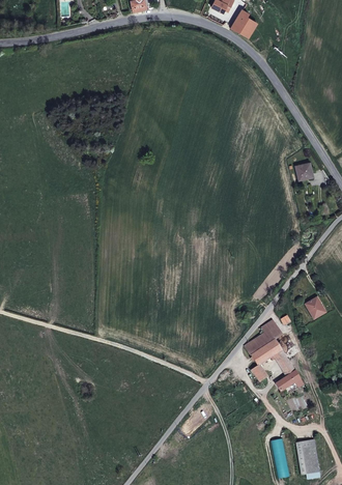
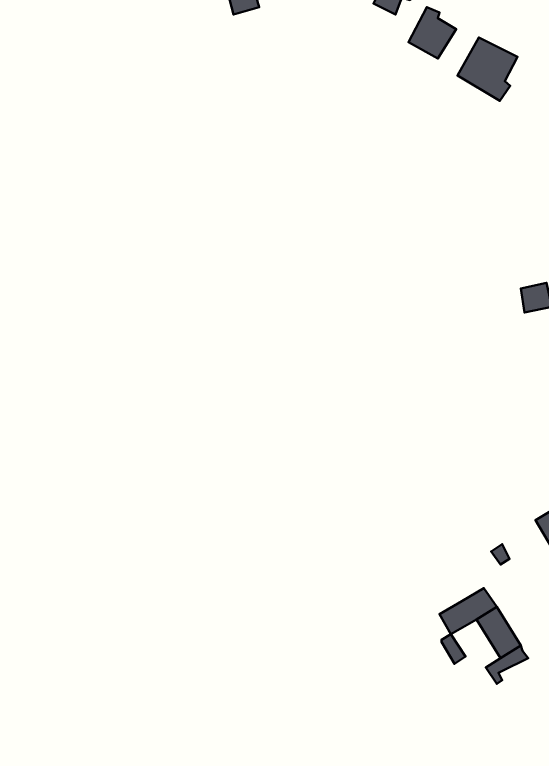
building: none -> [458,37,518,101]
building: [245,317,282,351] -> none

